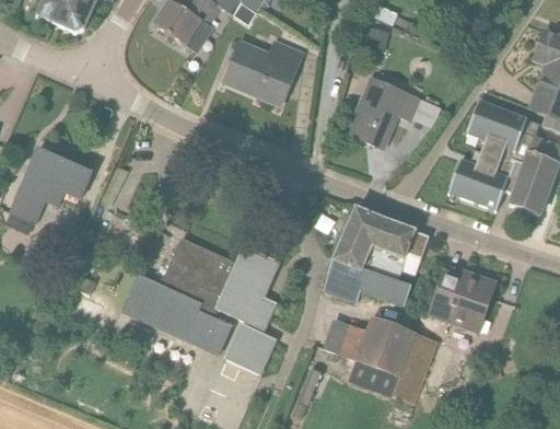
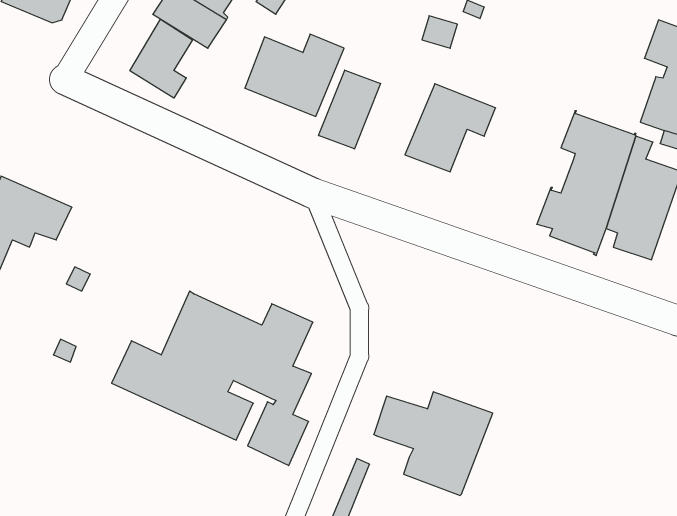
building: none -> [130,19,192,98]
building: none -> [319,70,381,149]
building: [324,208,429,306] -> none
building: [429,271,497,332] -> none
building: [393,333,440,404] -> none

